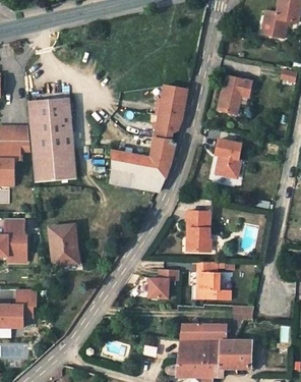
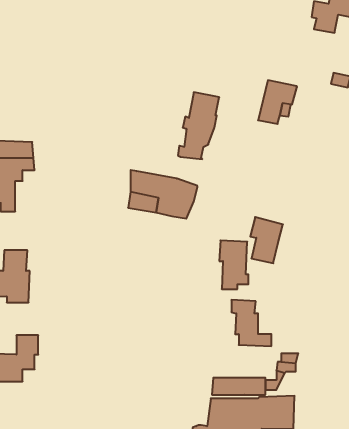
building: [29,102,78,183] -> none
building: [214,138,241,176] -> [250,217,283,263]
building: [150,140,175,165] -> none
building: [50,226,78,266] -> none
building: [147,269,177,297] -> none

